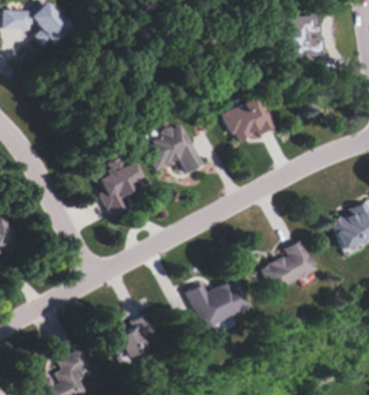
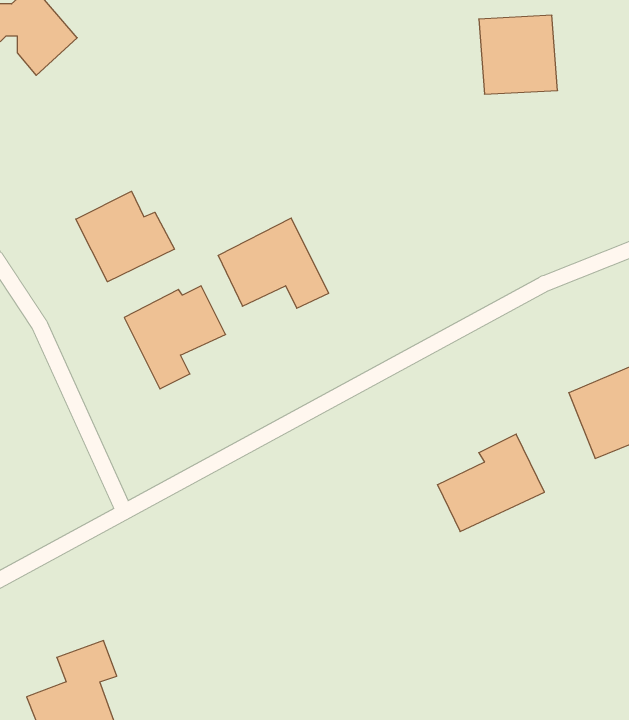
building: [222,96,272,145] -> none
building: none -> [76,191,174,282]
building: [187,278,250,330] -> none
building: [107,318,154,363] -> none

